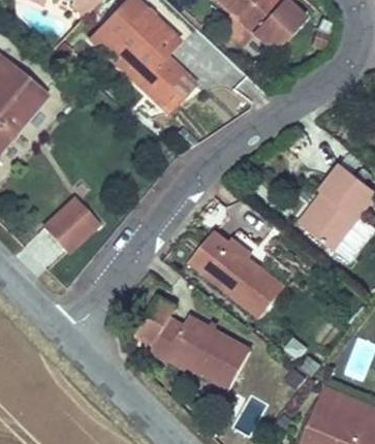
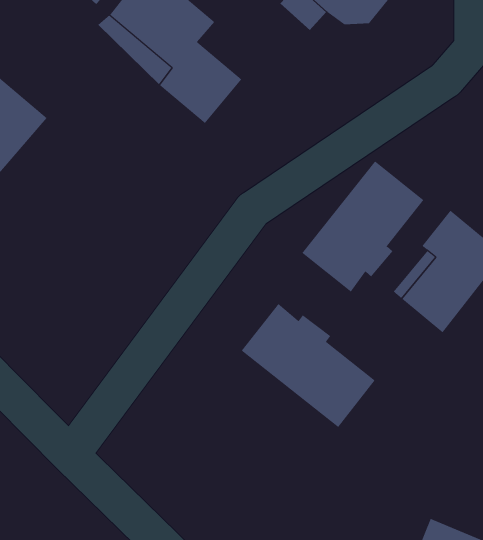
building: none -> [302,161,424,293]
building: [42,196,100,255] -> none
building: [135,294,253,392] -> none

